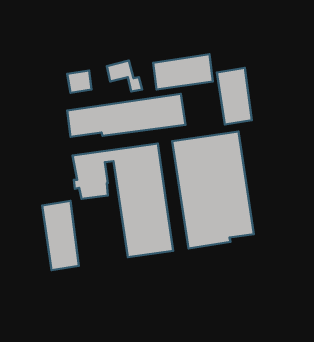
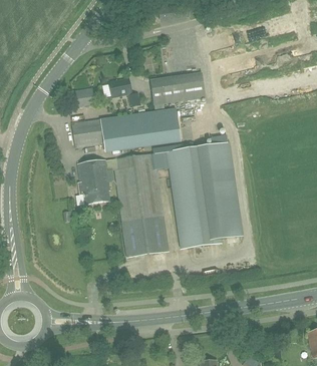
building: [217,68,252,124] -> none
building: [42,201,79,270] -> none

